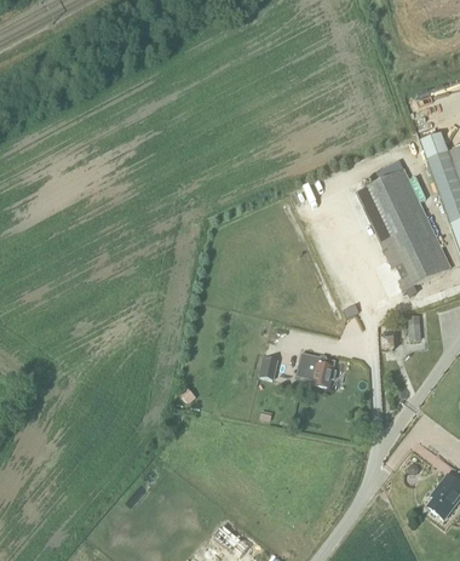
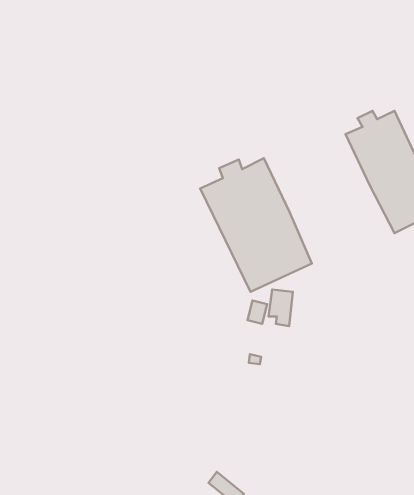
building: none -> [200,158,312,292]
building: [303,354,334,387] -> none

